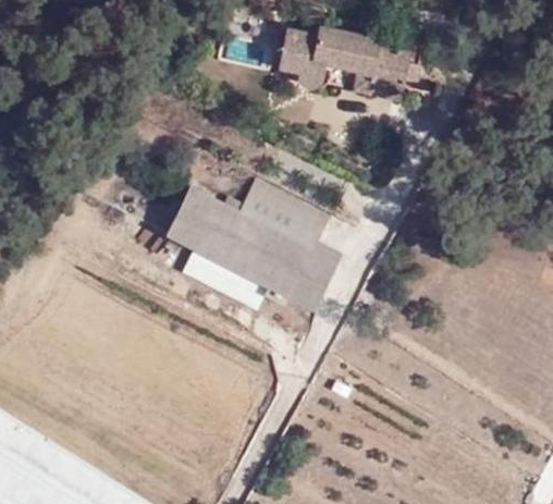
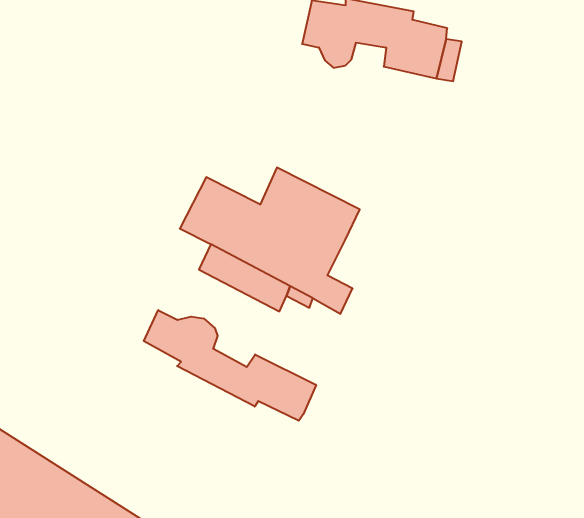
building: [302,244,340,288] -> none
building: none -> [144,310,316,421]

